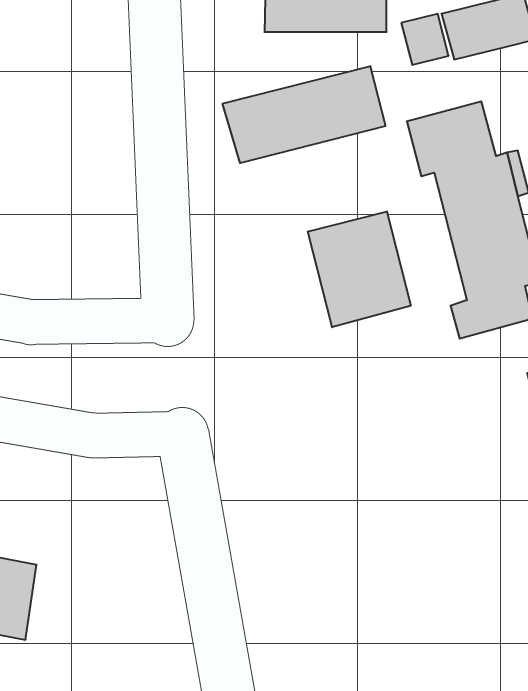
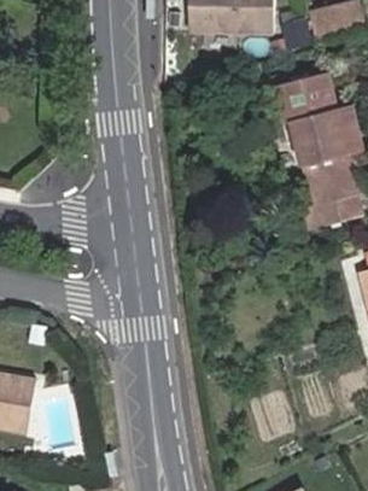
building: [223,66,385,163] -> none
building: [308,211,411,327] -> none

